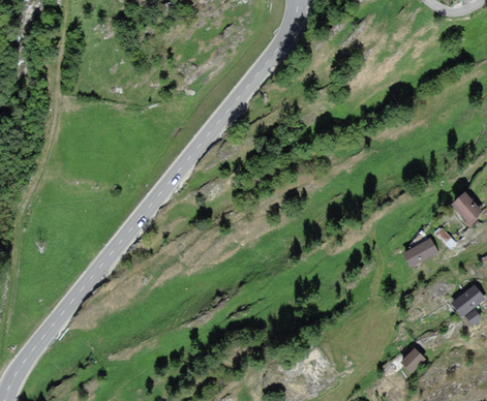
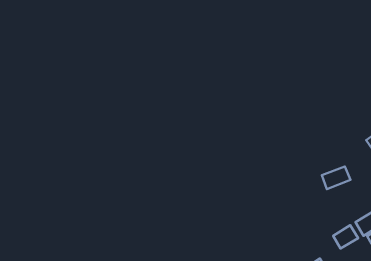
building: none -> [333,225,358,249]

